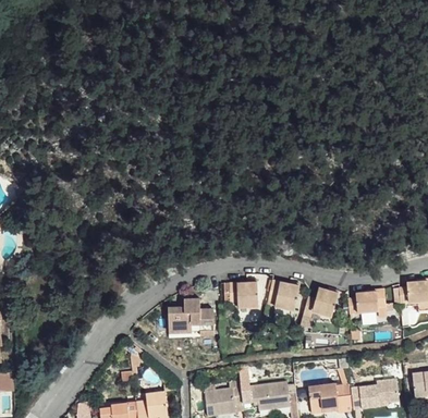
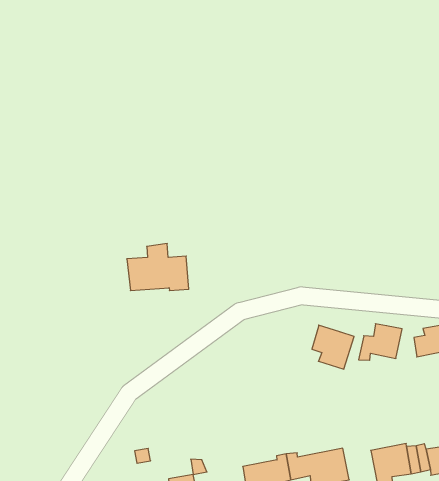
building: [229,281,258,307] -> none
building: [167,295,213,332] -> [127,244,189,291]

